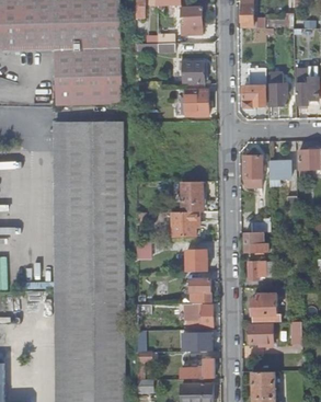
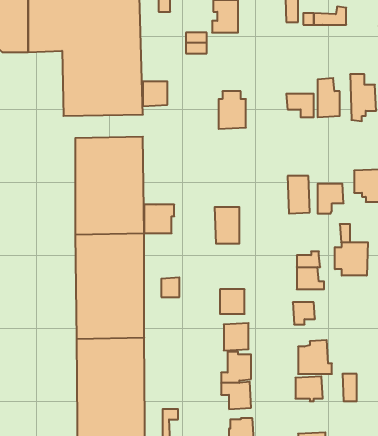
building: [183,61,204,82] -> [143,81,167,106]
building: none -> [335,242,368,276]
building: [173,211,198,236] -> [144,205,174,233]

